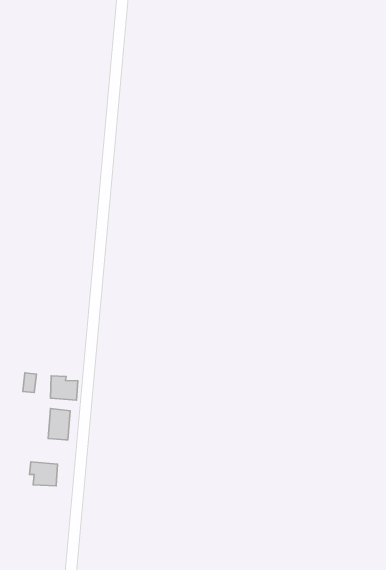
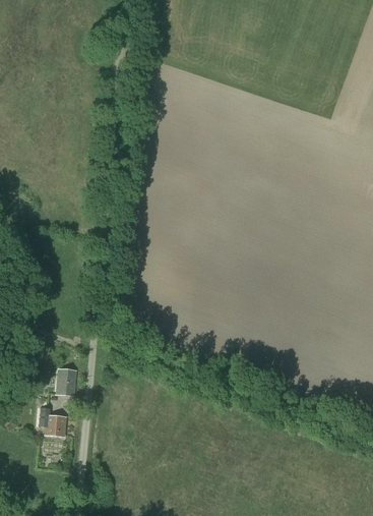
building: [50,376,78,400] -> none

